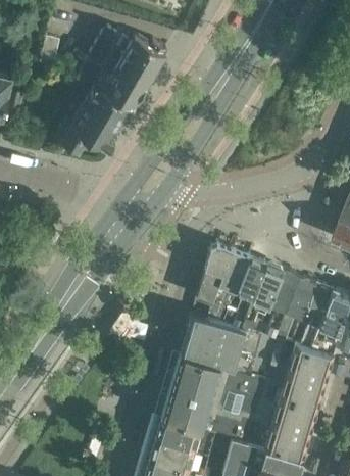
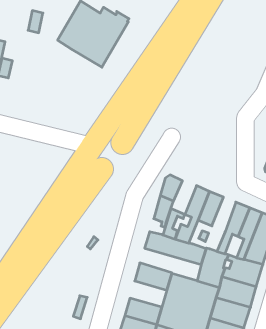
building: [54,87,133,158] -> none
building: [217,250,249,292] -> none
building: [265,271,298,338] -> none
building: [179,334,255,375] -> none
building: [166,375,212,408] -> none

